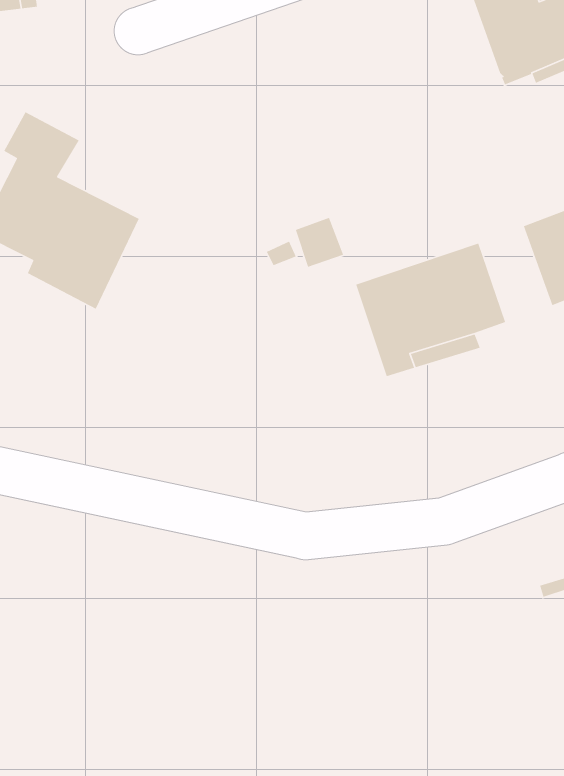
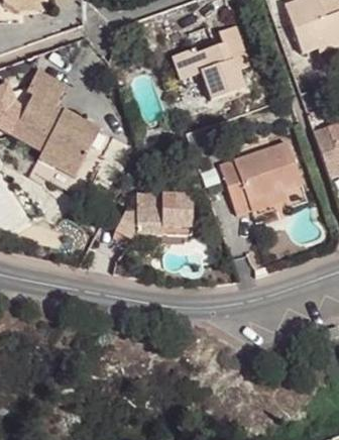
building: none -> [173,25,250,100]
building: none -> [116,192,193,239]

